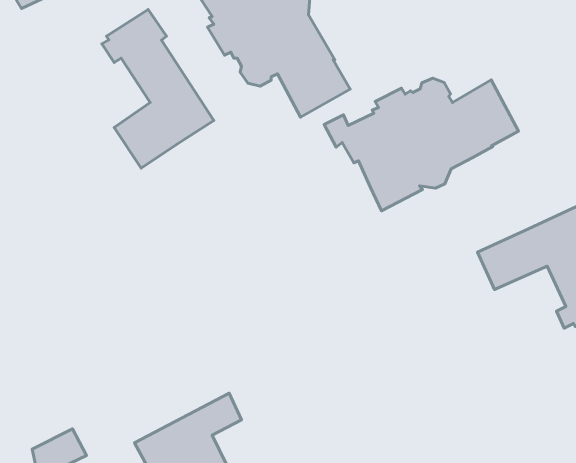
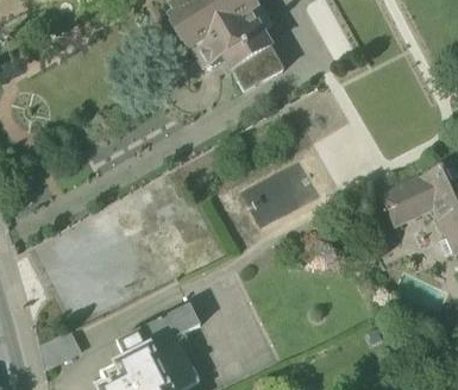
building: [102,10,214,168] -> none
building: [324,78,519,211] -> none

